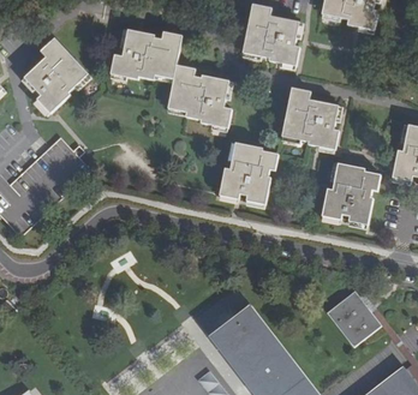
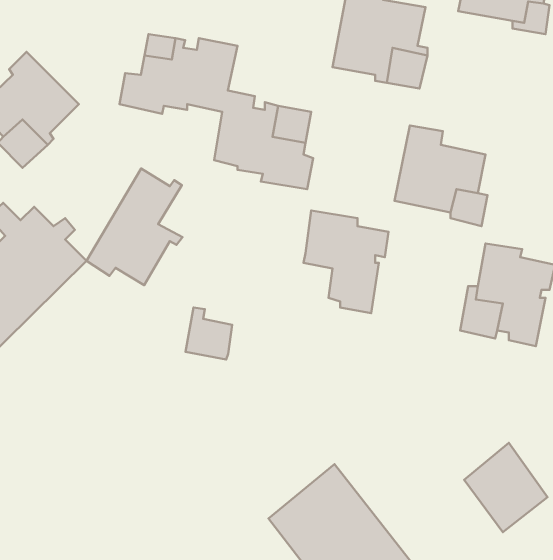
building: none -> [87,169,183,285]
building: [214,166,243,198] -> [186,307,232,360]

